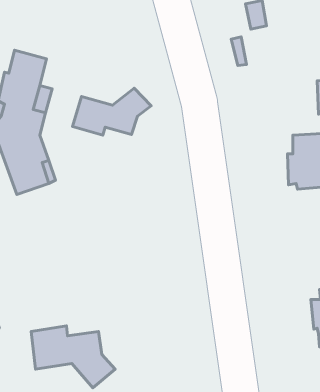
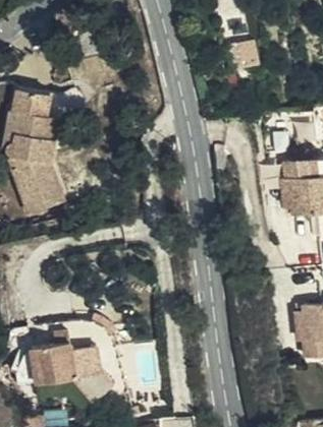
building: [73,88,151,135] -> none

